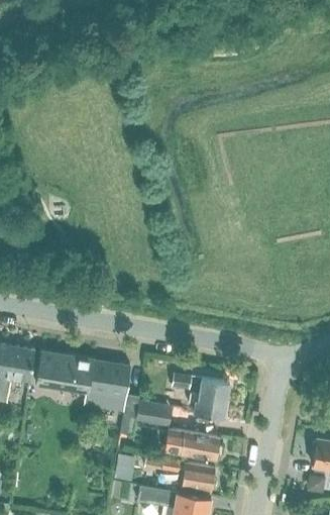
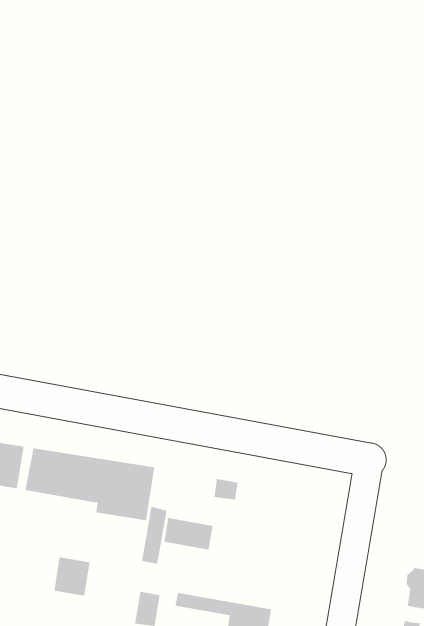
building: [189,378,230,418] -> none
building: [164,429,221,459] -> none
building: none -> [53,556,90,596]

